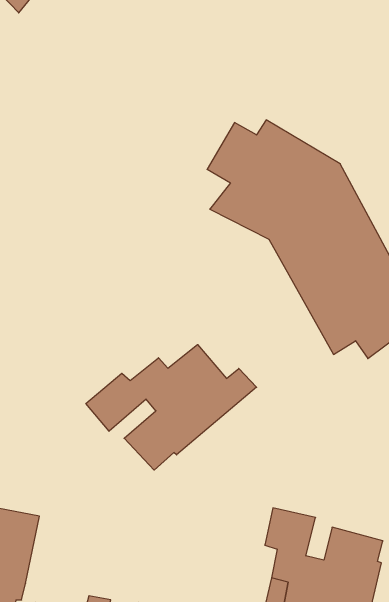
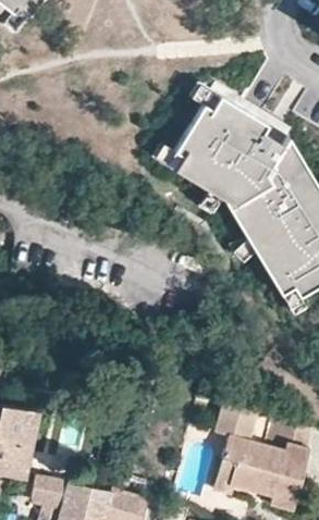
building: [86,345,257,470] -> none

